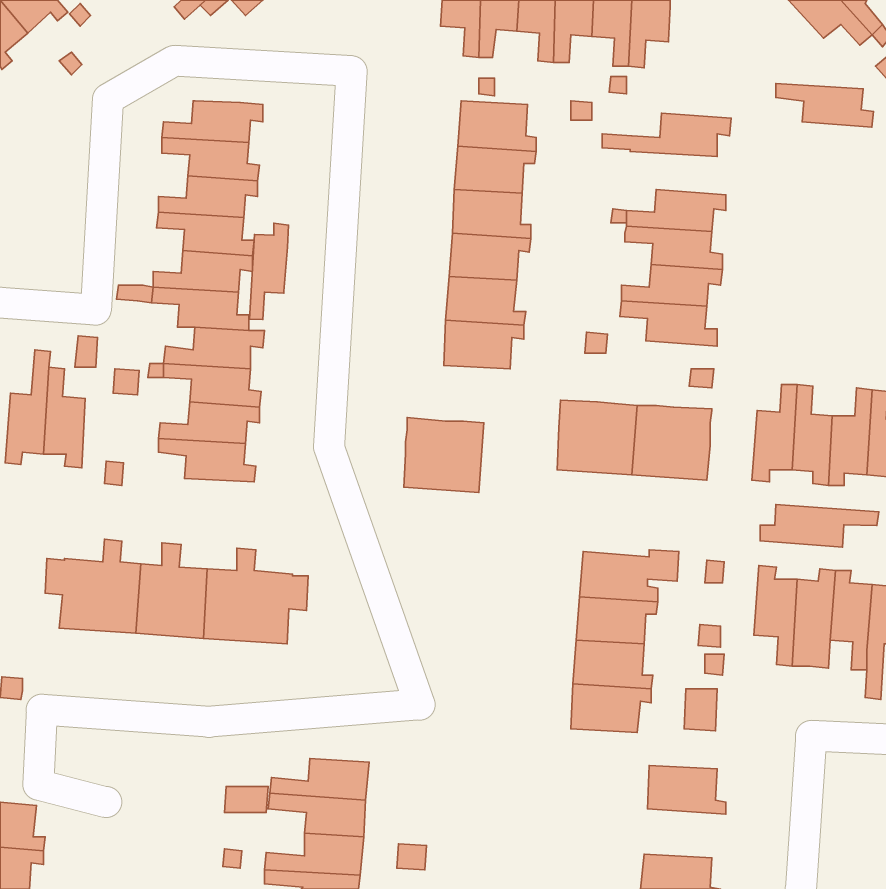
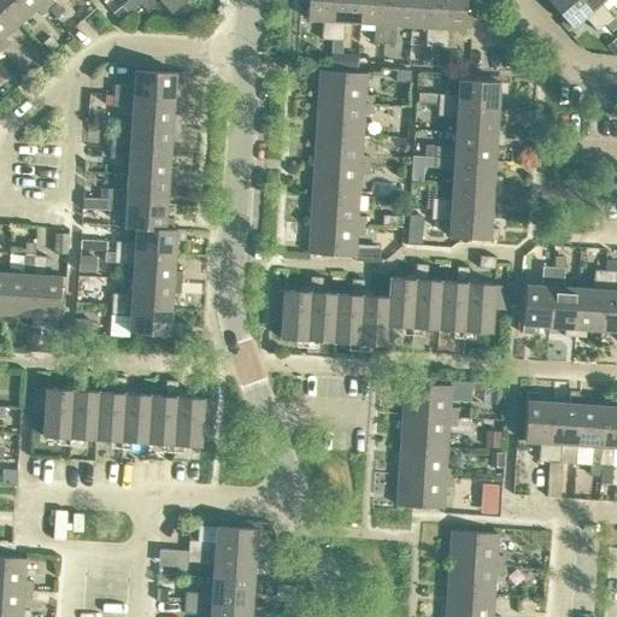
building: [776,84,873,127] -> [439,105,506,135]
building: [249,223,288,319] -> none
building: none -> [334,293,389,345]
building: [760,504,879,547] -> none
building: none -> [448,560,505,594]

